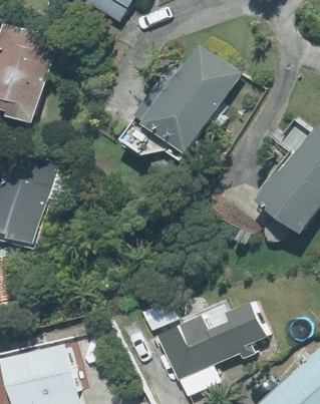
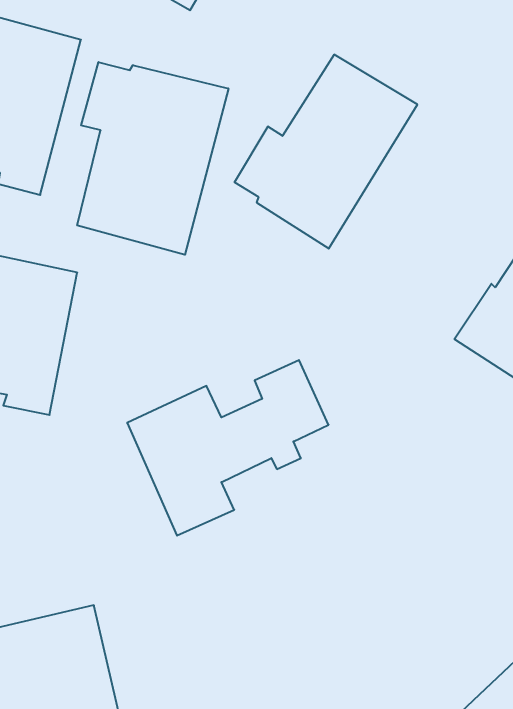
building: none -> [77,62,228,255]
building: [157,300,267,395] -> [127,360,329,536]

